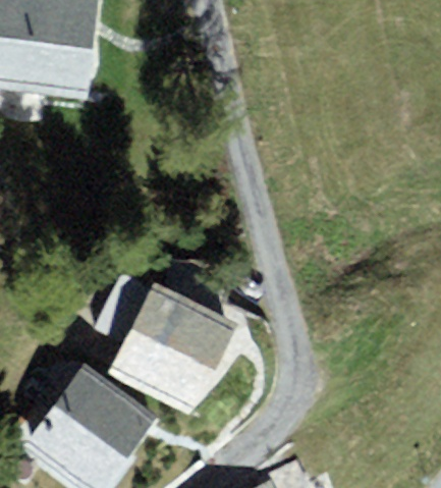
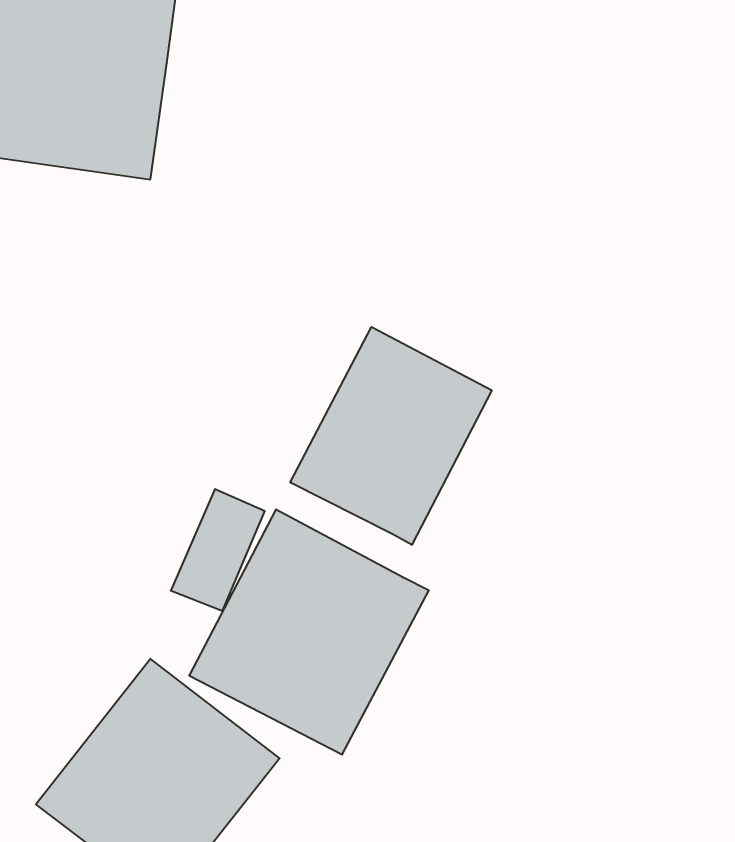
building: none -> [290,327,492,545]

